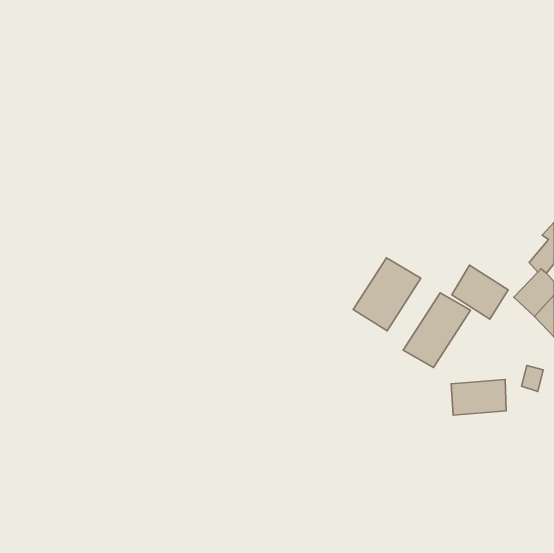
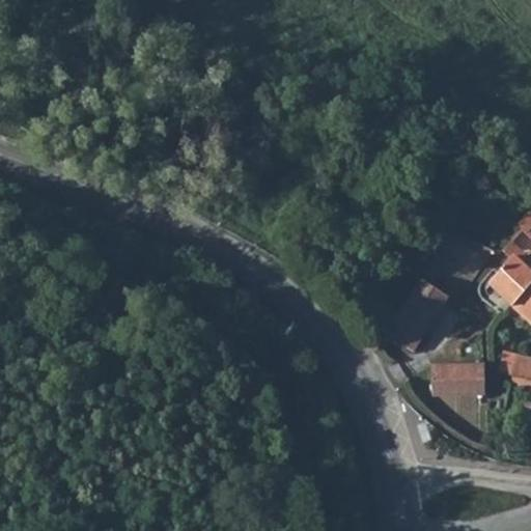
building: [353,258,421,331] -> none
building: [452,265,508,319] -> none

